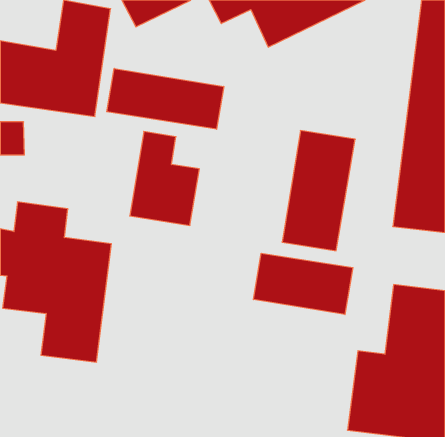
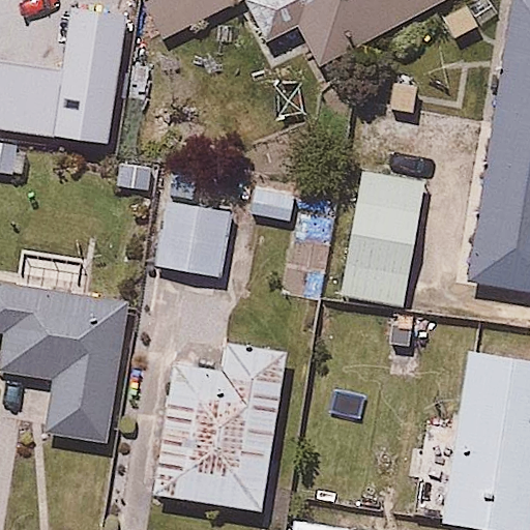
building: [107,68,224,129] -> none
building: [253,253,353,315] -> none
building: none -> [155,338,293,511]

